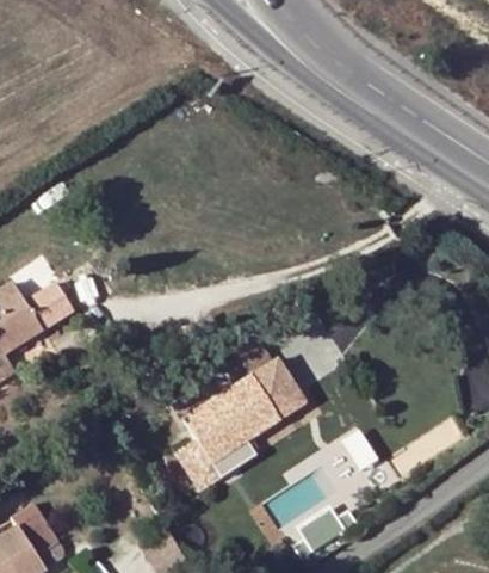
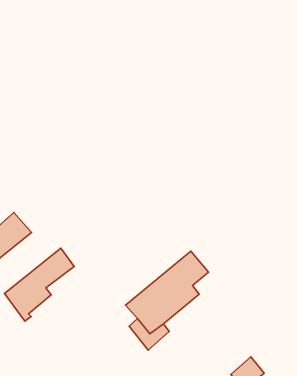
building: none -> [4,248,74,321]

